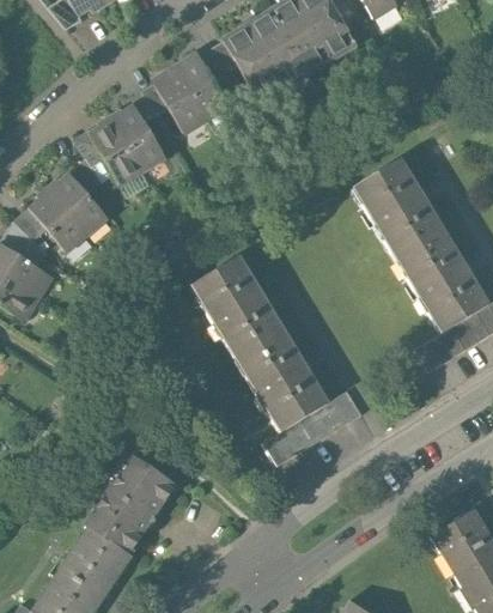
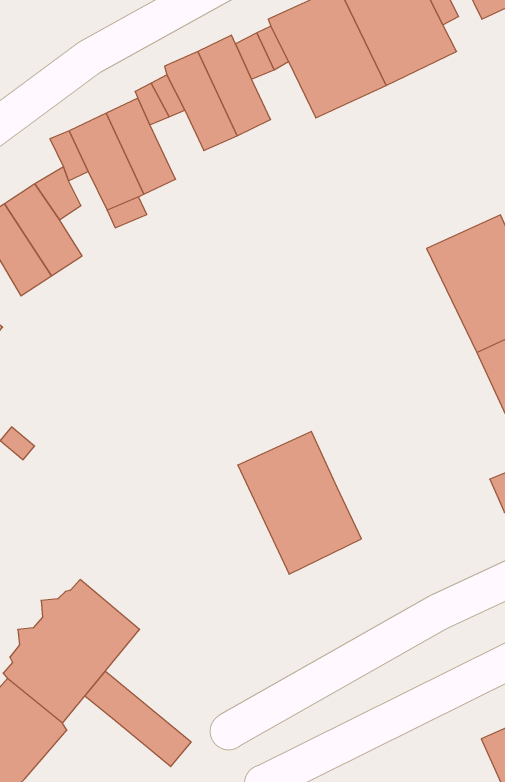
building: [191,256,285,358] -> none
building: [264,390,364,466] -> none
building: none -> [85,671,191,767]

